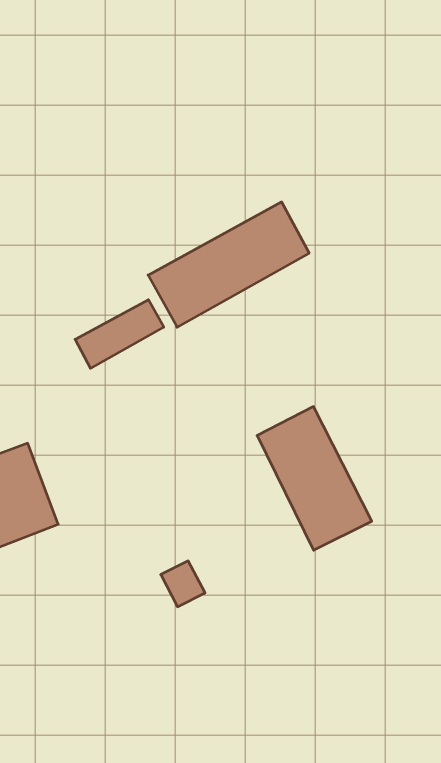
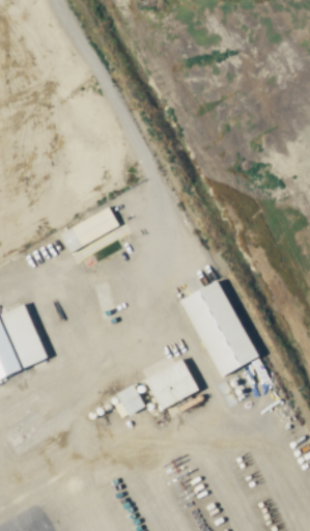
building: [148,202,309,327] -> none
building: none -> [145,359,200,411]

